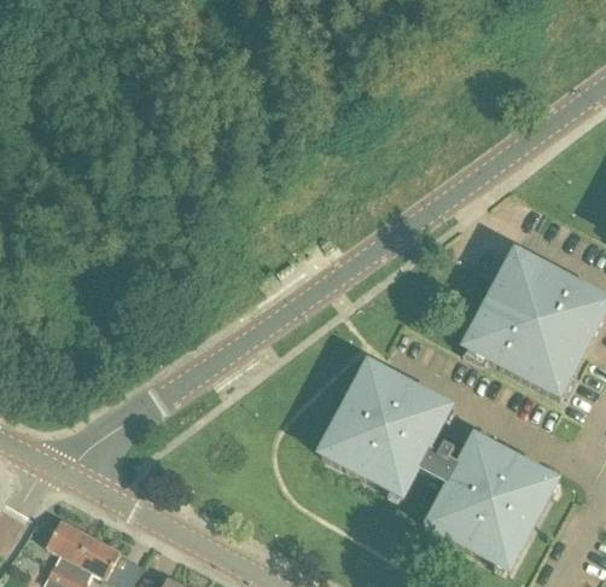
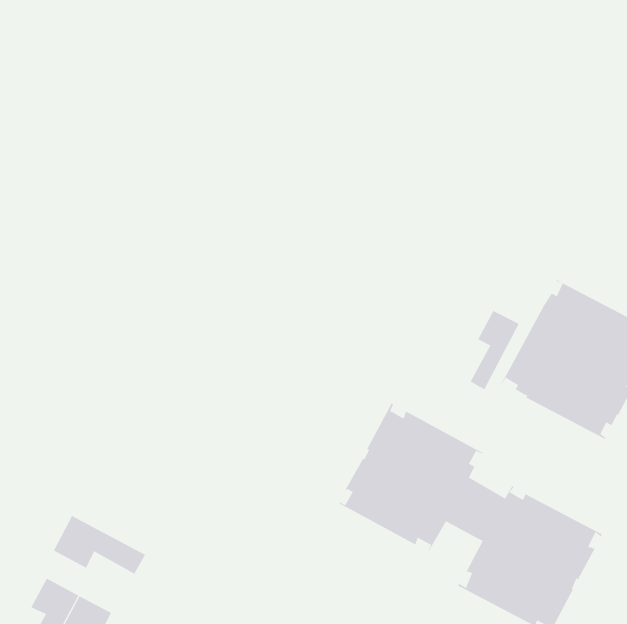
building: none -> [470,310,519,390]
building: none -> [53,515,146,574]

